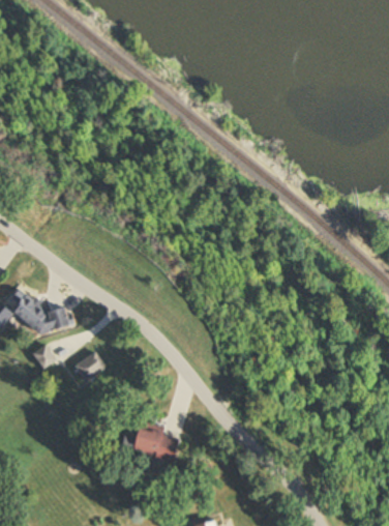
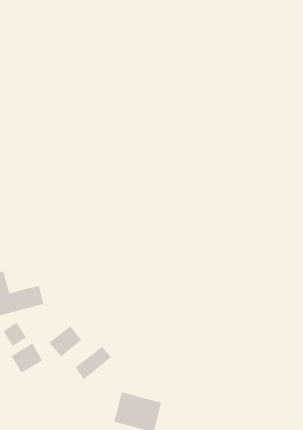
building: none -> [11,342,43,373]
building: none -> [75,346,112,380]

